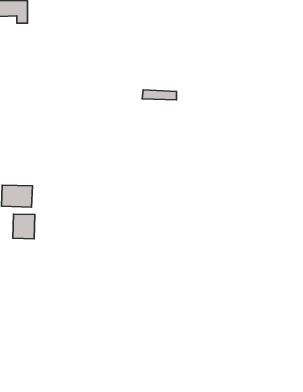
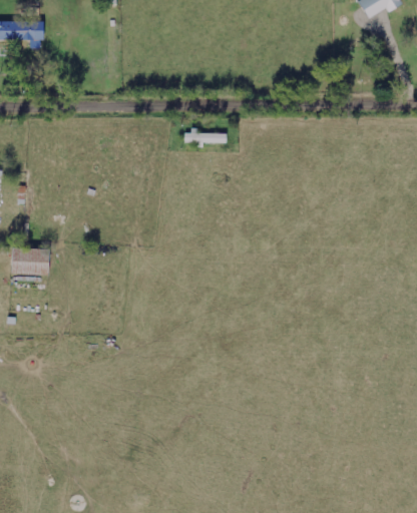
building: [13,214,35,239] -> none

